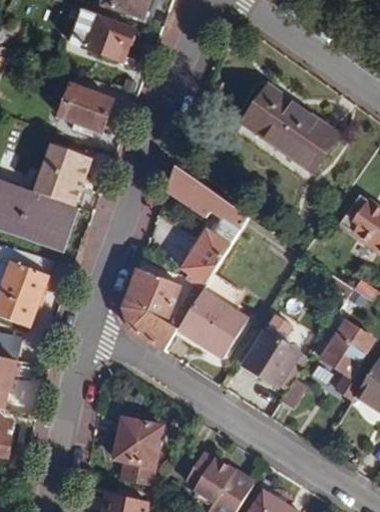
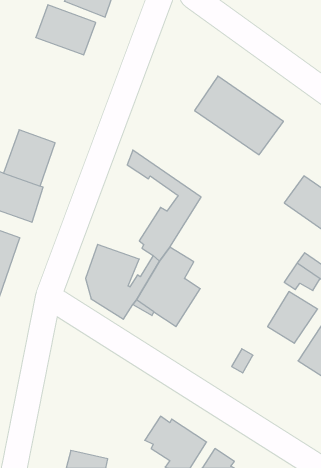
building: [59,84,111,132] -> none
building: [242,329,301,385] -> none
building: [114,417,163,485] -> none

